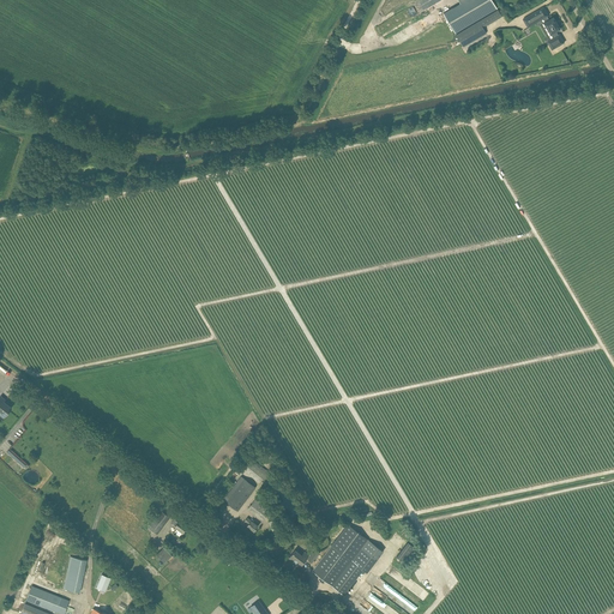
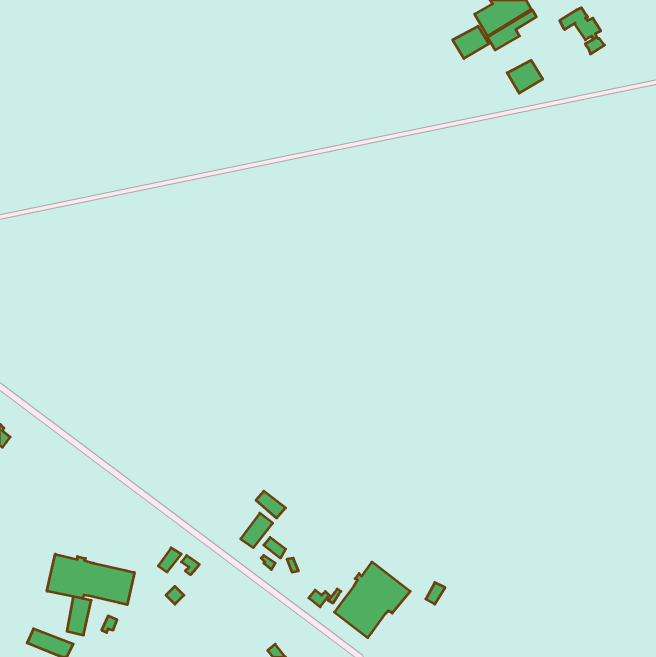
building: none -> [453,26,489,59]
building: none -> [507,60,543,93]
building: none -> [47,554,134,605]

